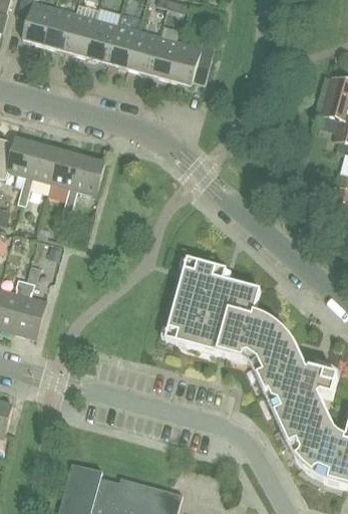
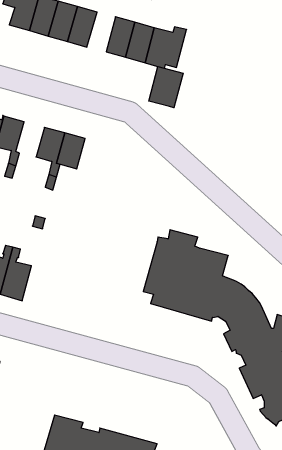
building: [106,24,137,67] -> none
building: none -> [149,67,183,108]
building: [29,144,60,182] -> none

